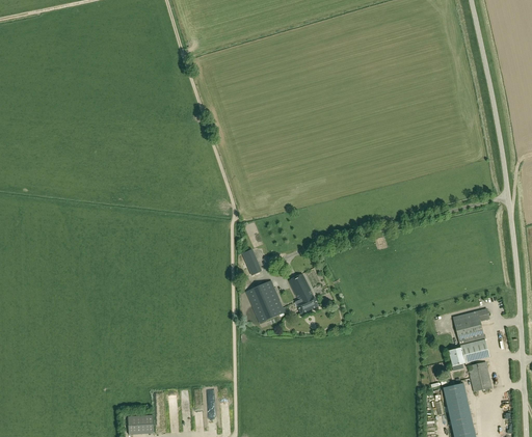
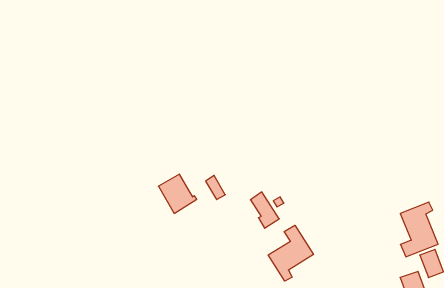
building: [246,280,287,323] -> [158,174,197,213]
building: none -> [268,225,313,281]

